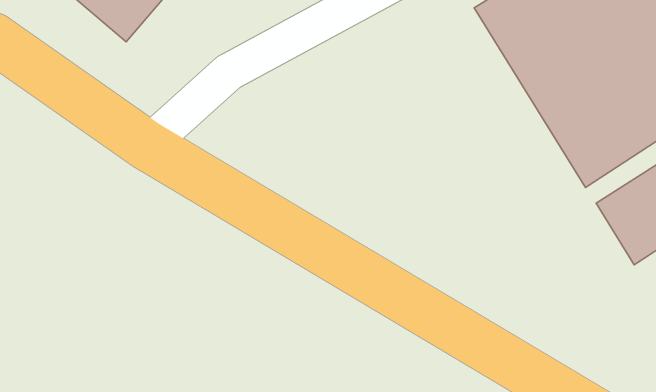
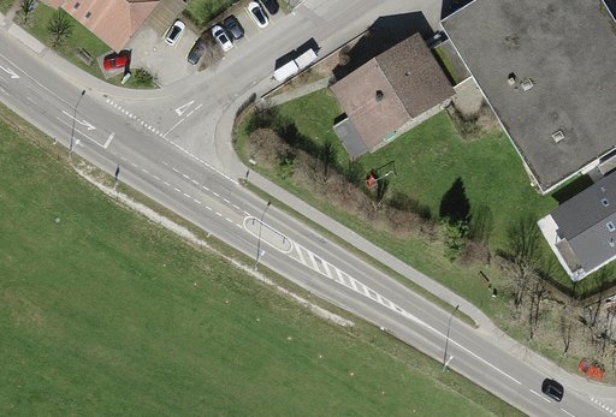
building: none -> [333,38,445,141]

